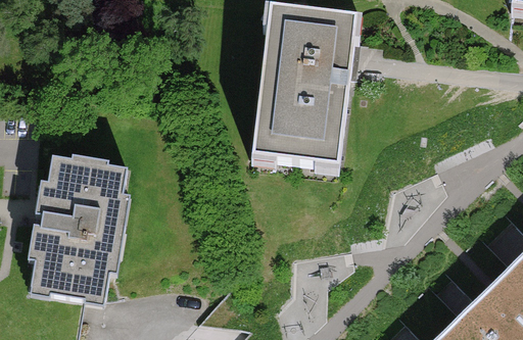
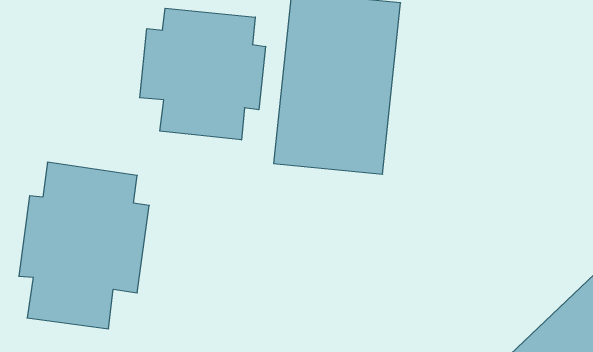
building: none -> [140,8,266,140]

